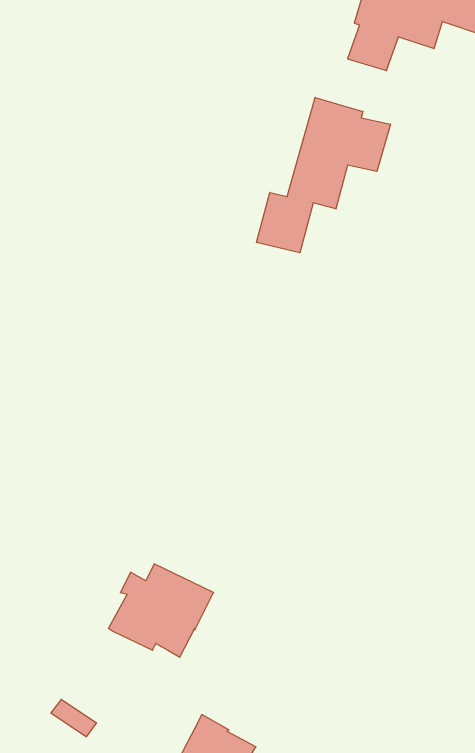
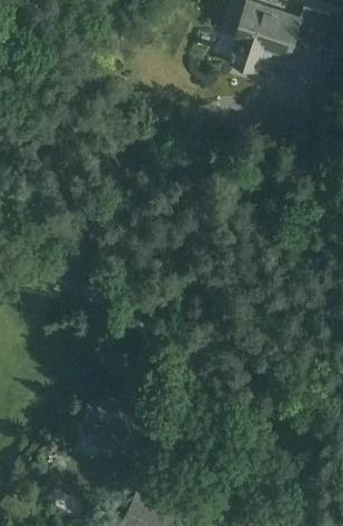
building: [256,97,390,253] -> none

